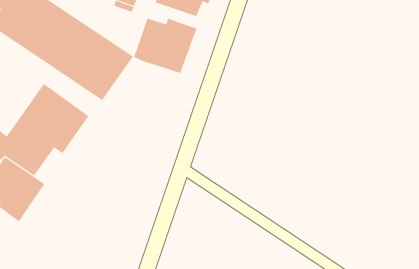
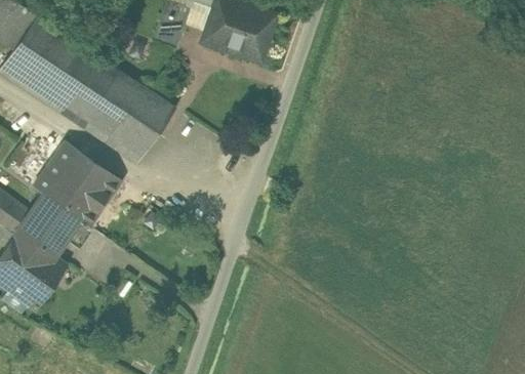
building: [133,18,197,74] -> none

